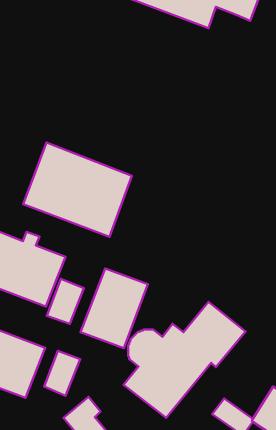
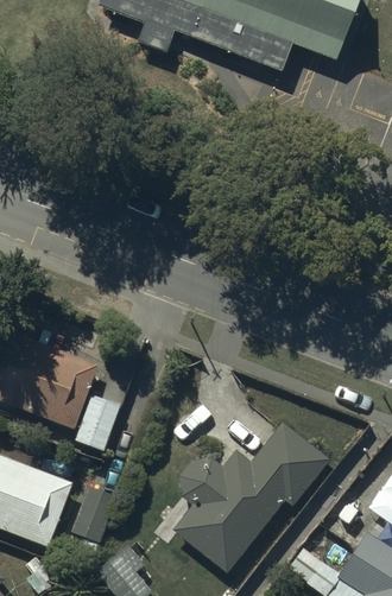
building: [23,142,132,237] -> none
building: [81,269,148,348] -> none

